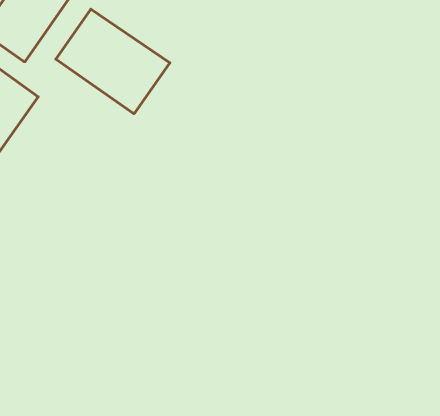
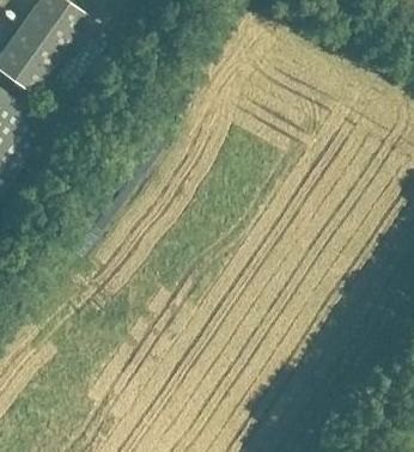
building: [56,9,170,114] -> none

